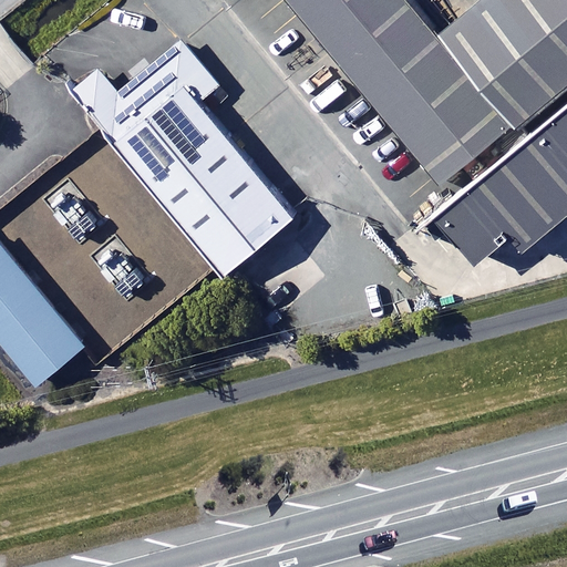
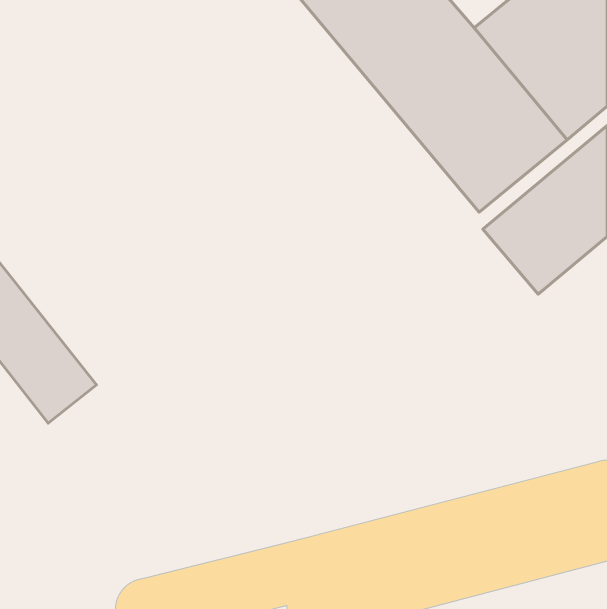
building: [102,55,301,271] -> none

